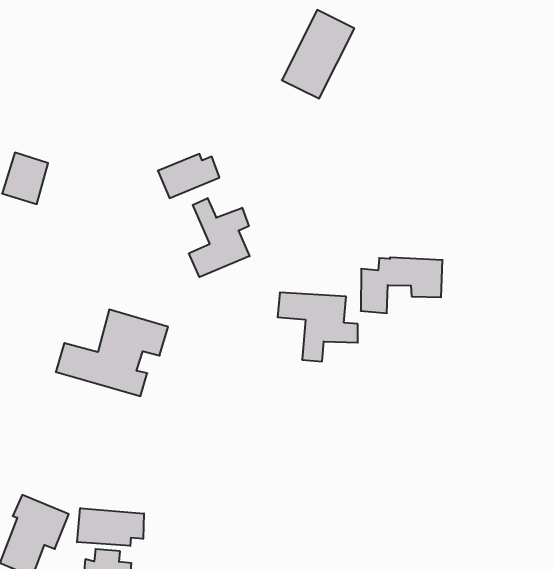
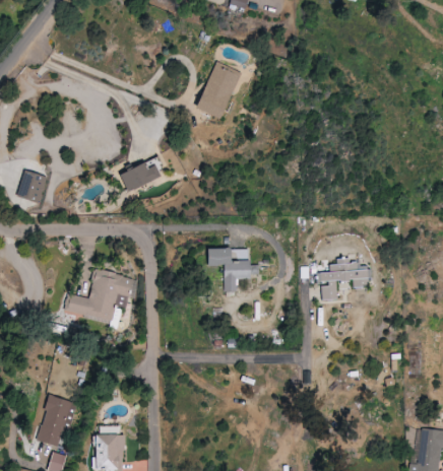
building: [189,198,250,277] -> none
building: [361,257,443,313] -> [318,261,372,298]
building: [77,508,144,546] -> none

